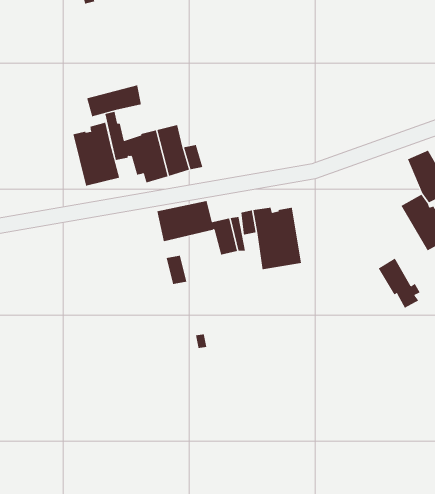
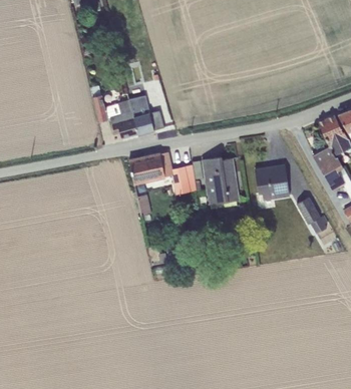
building: [87,85,141,117] -> none
building: [73,122,120,186] -> none
building: none -> [255,164,290,201]

